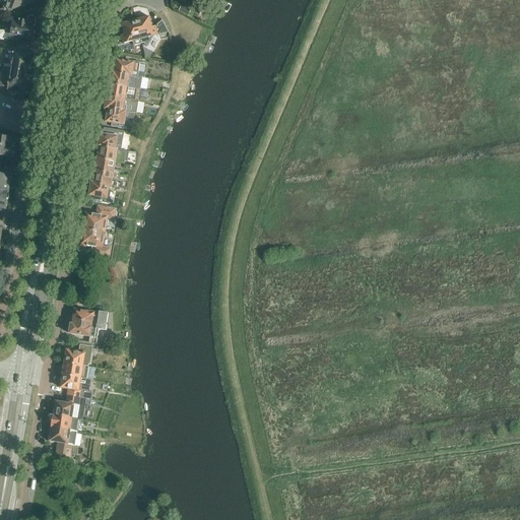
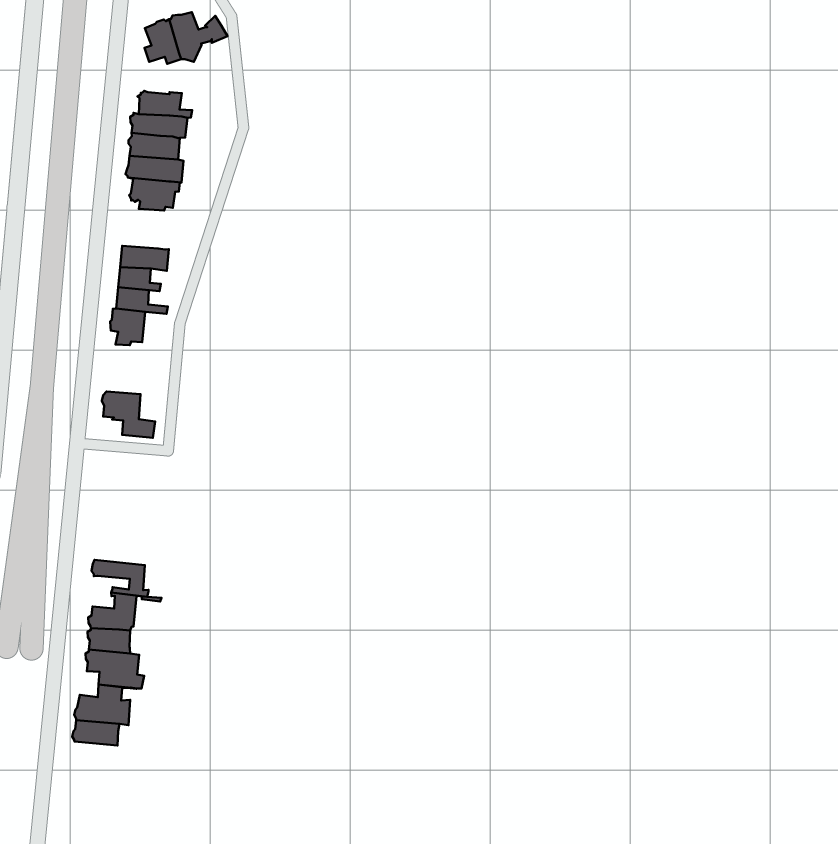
building: [96,126,121,148] -> none
building: [82,204,114,231] -> none
building: [69,308,108,329] -> none
building: [48,426,76,458] -> none

